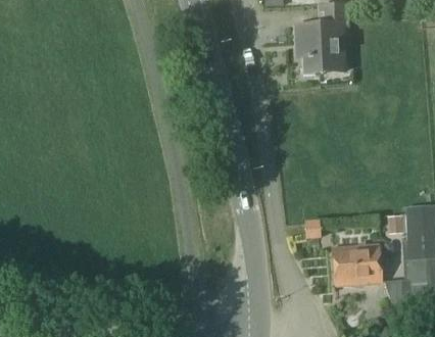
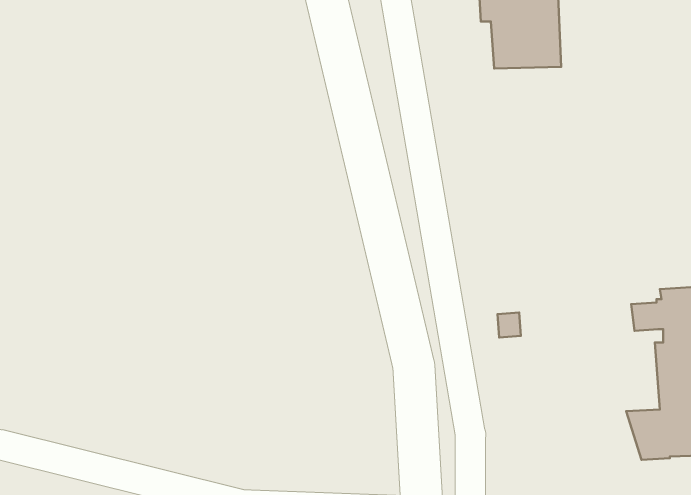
building: [333,242,387,286] -> none

